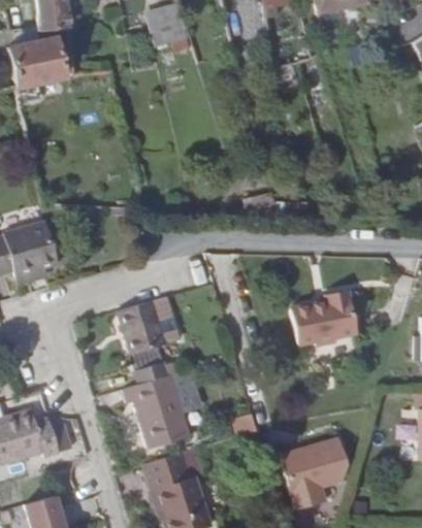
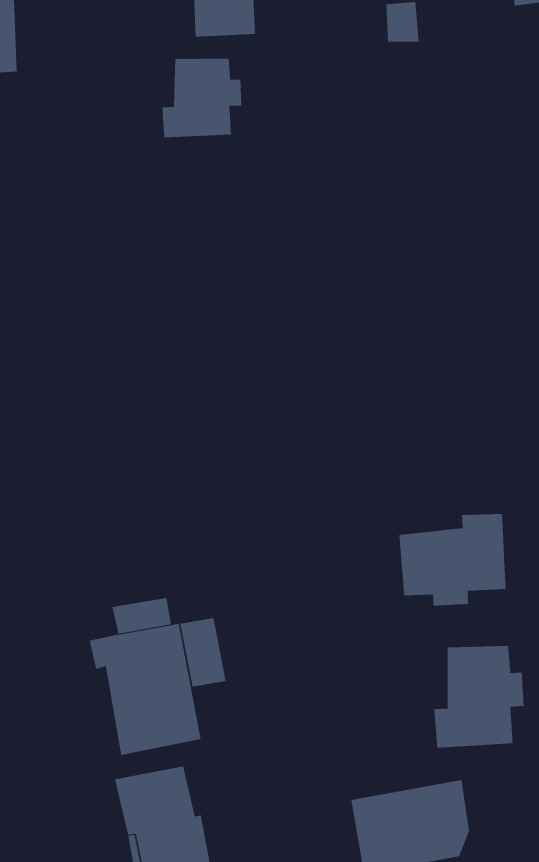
building: none -> [162,58,242,138]
building: [119,297,167,351] -> none
building: none -> [434,645,524,749]

